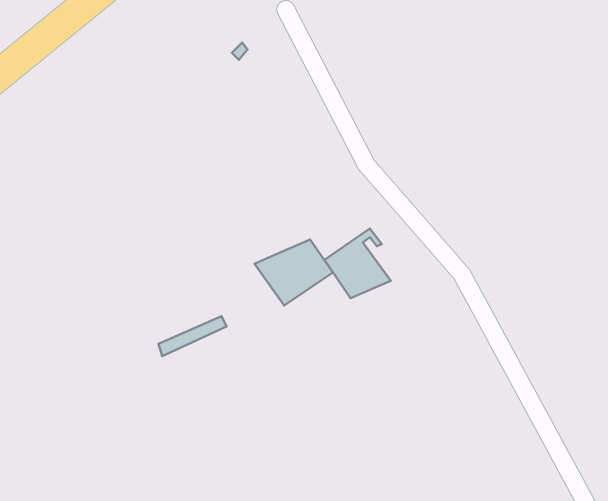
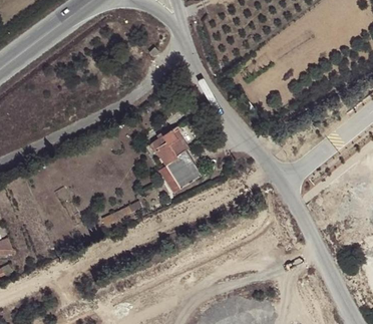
building: [324,229,391,298] -> [152,127,191,168]

